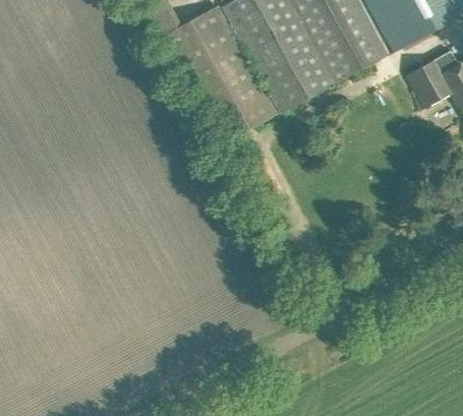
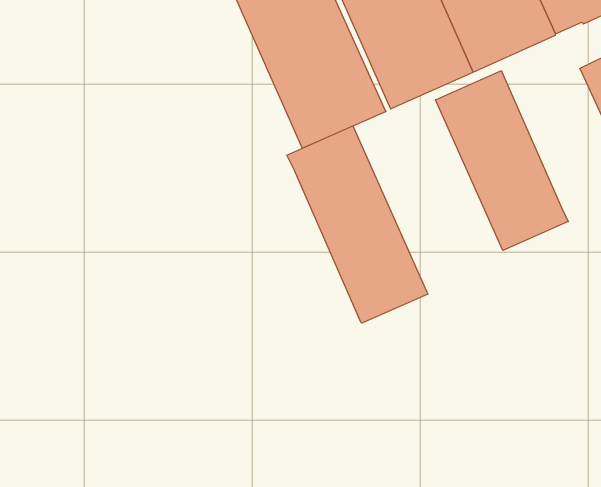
building: none -> [436,71,568,250]
building: none -> [287,126,428,323]

